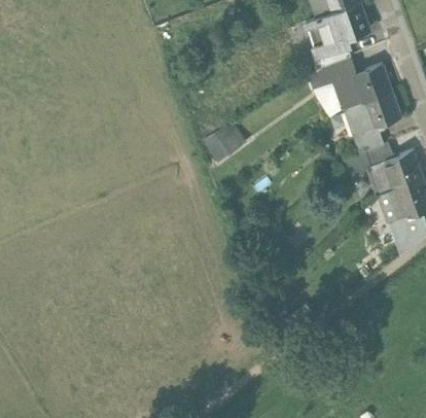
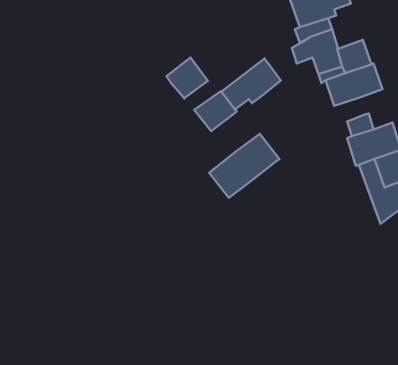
building: none -> [167,58,208,99]
building: none -> [222,59,281,109]
building: [352,127,384,153] -> none
building: none -> [209,134,279,198]

